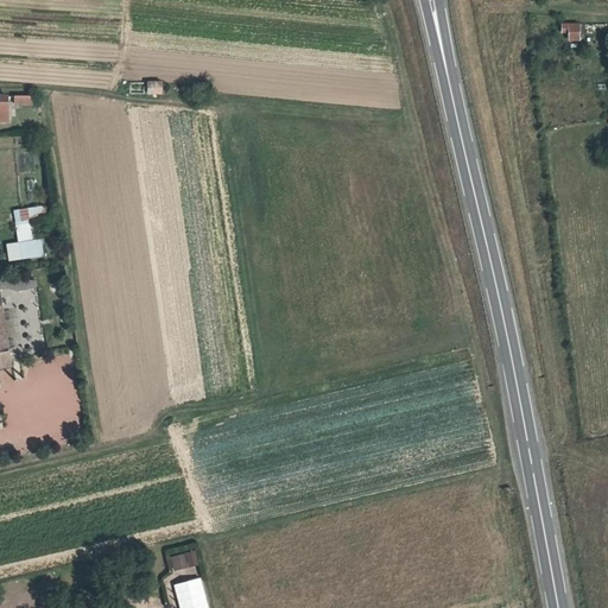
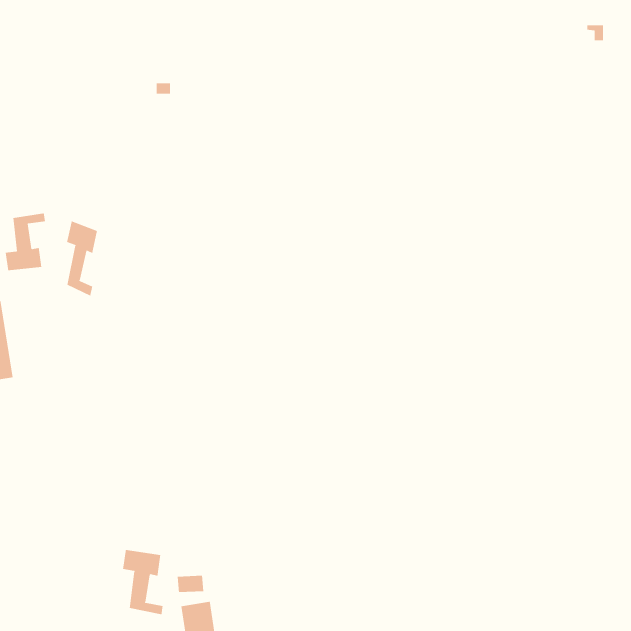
building: none -> [67,220,97,296]
building: none -> [123,549,163,615]

